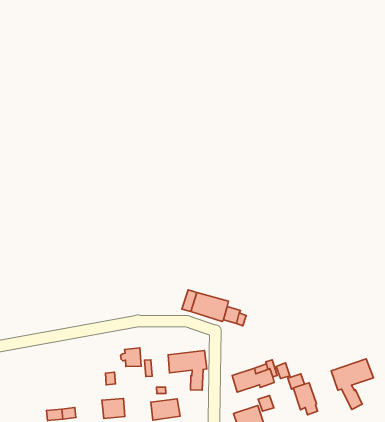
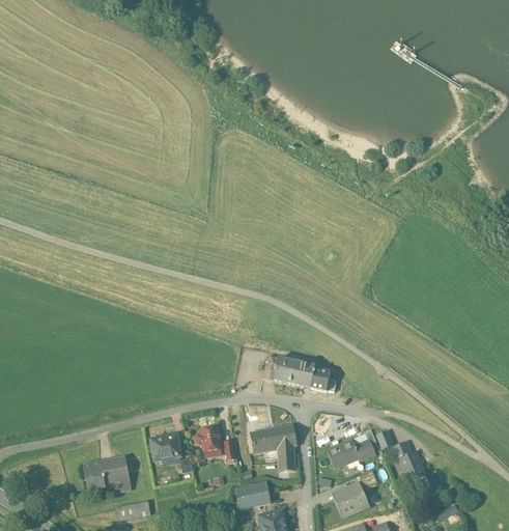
building: [331,359,374,410] -> none
building: none -> [83,455,131,490]
building: [102,398,125,418] -> [151,434,179,458]

